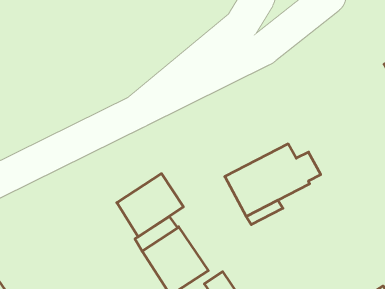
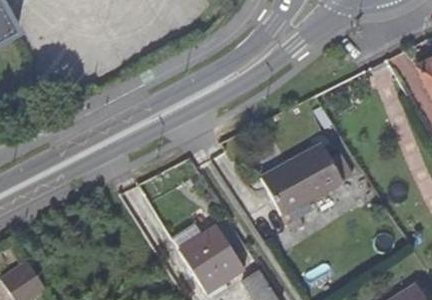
building: [117,174,183,237] -> none

